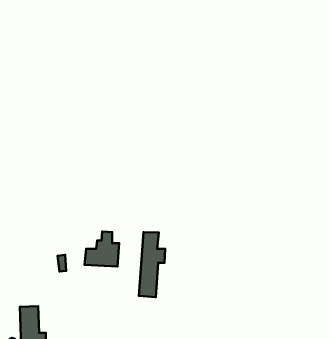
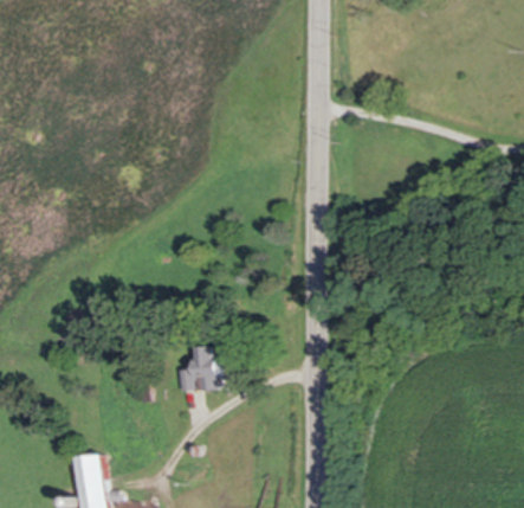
building: [139,232,165,297] -> none

